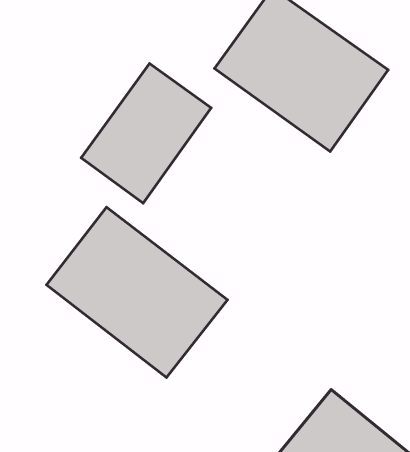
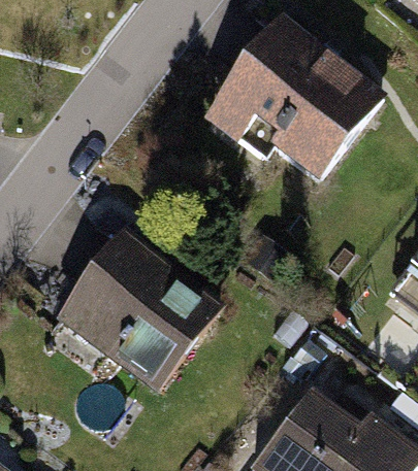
building: [81,64,211,203] -> none

